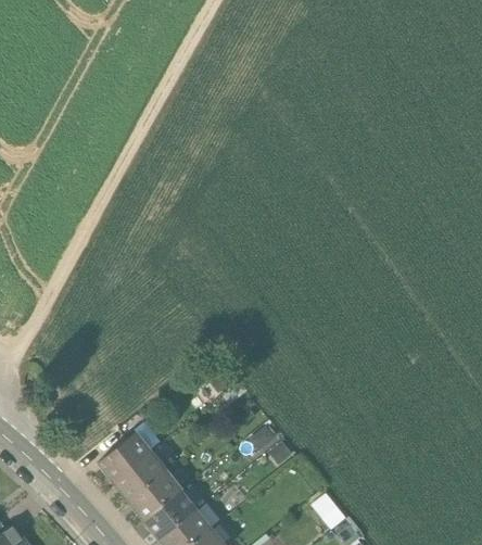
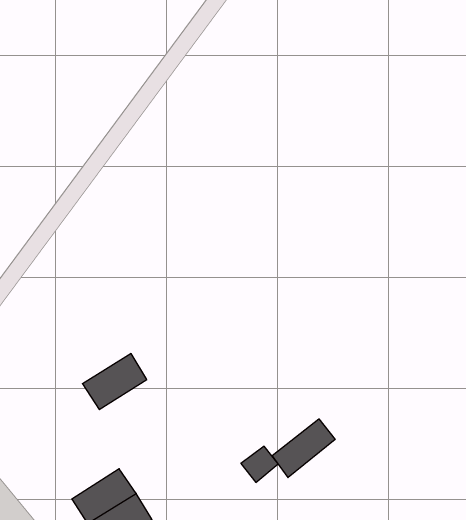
building: none -> [272,419,335,478]
building: [100,433,152,482] -> [82,354,147,410]

